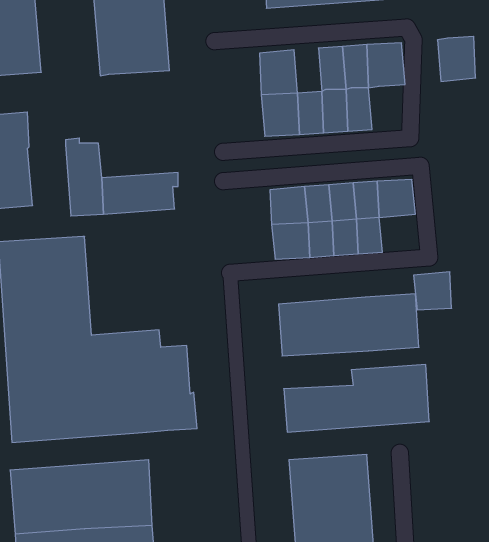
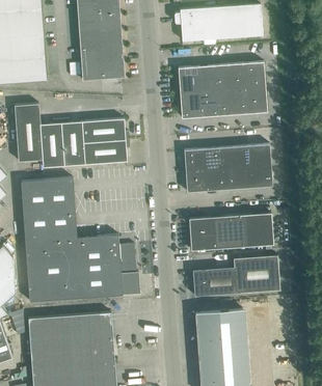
building: [437,36,476,81] -> [243,87,266,114]
building: none -> [198,65,215,92]
building: none -> [81,119,129,143]
building: none -> [38,120,64,168]
building: [414,272,452,310] -> [249,165,272,188]

